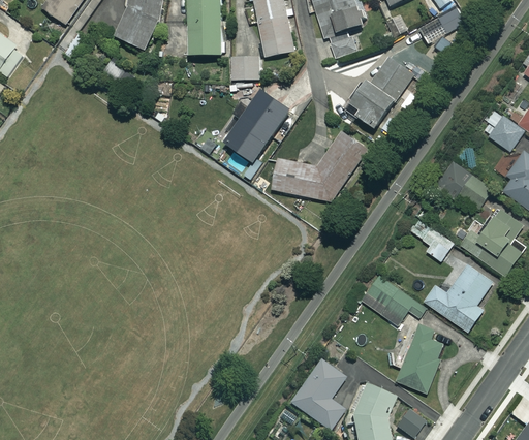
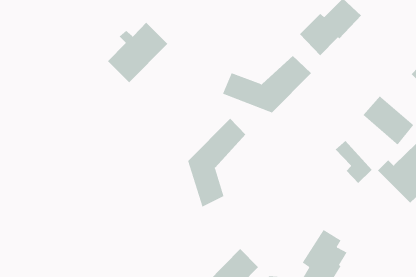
building: [224,89,289,161] -> [107,22,168,83]
building: none -> [188,118,246,208]
building: [423,264,492,332] -> none
building: [360,275,425,325] -> none

